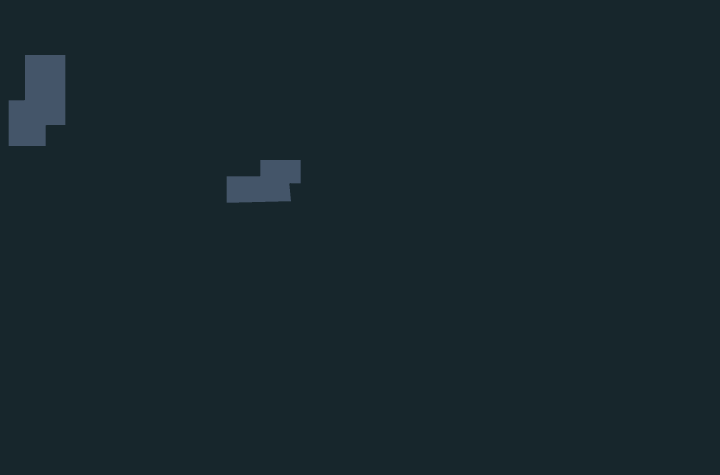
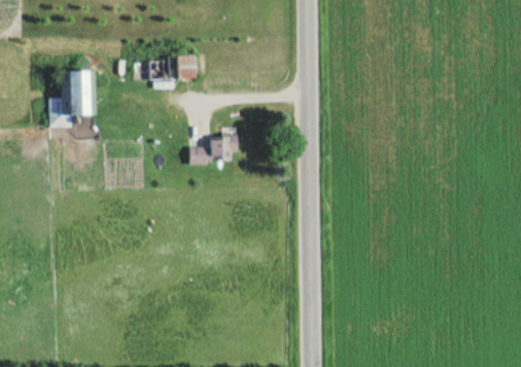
building: none -> [178,54,197,80]
building: none -> [150,59,170,80]

